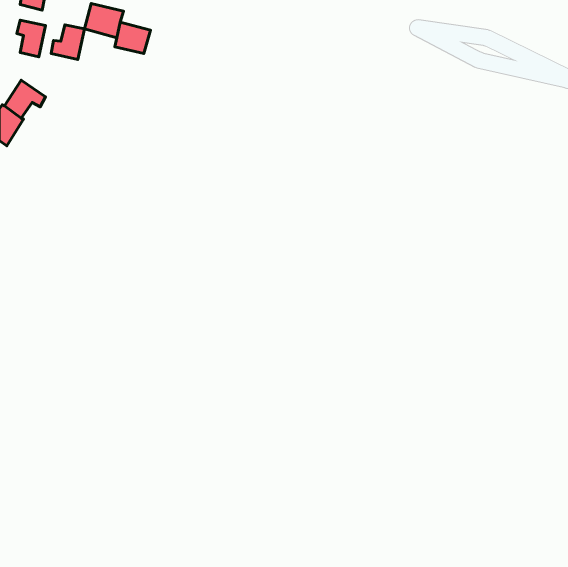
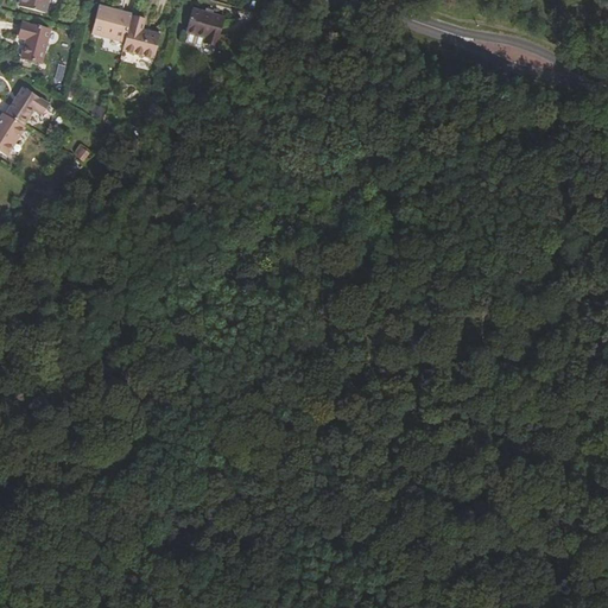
building: none -> [185,6,226,44]
building: [51,25,85,59] -> none

